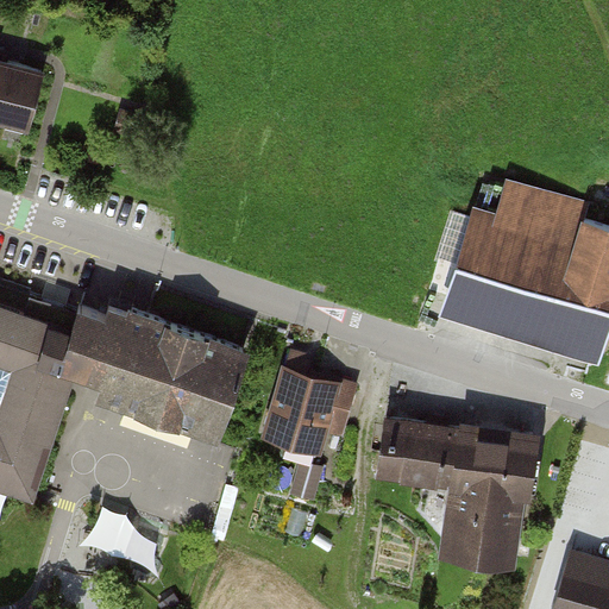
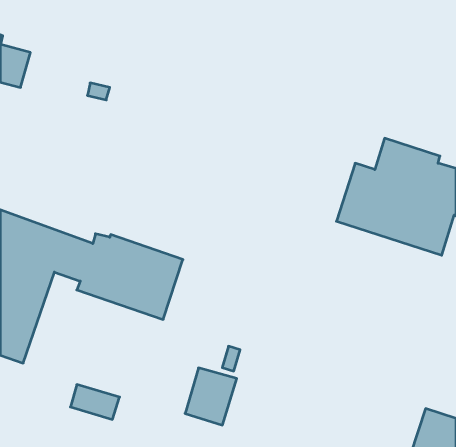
building: [269,379,338,456] -> [185,368,237,425]
building: [379,427,534,559] -> none

